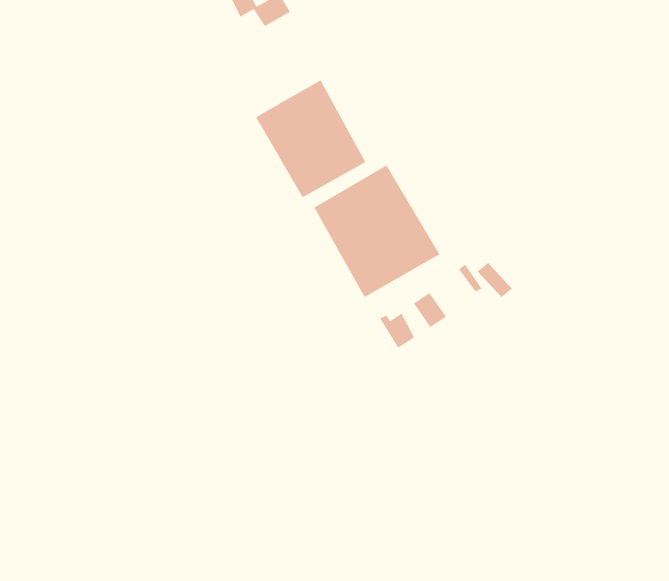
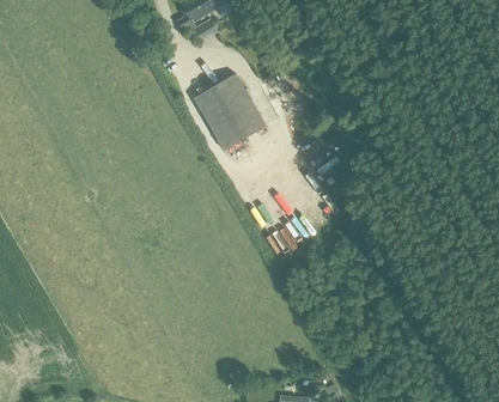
building: [314,165,440,298] -> none

